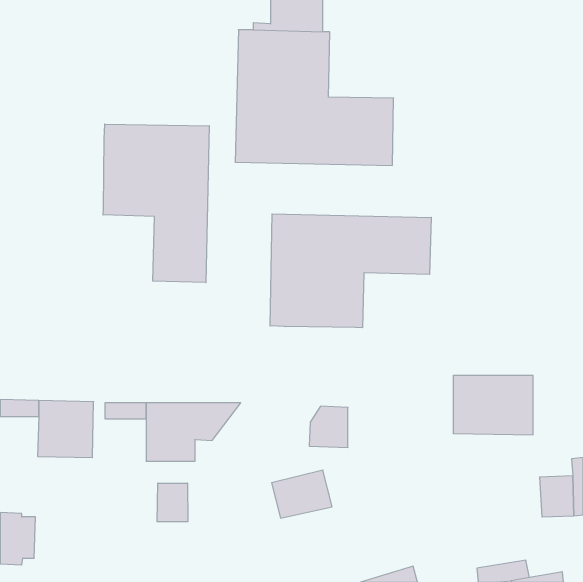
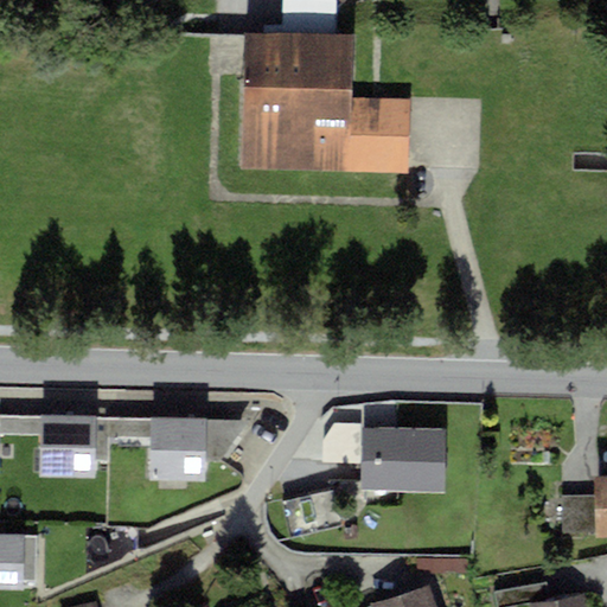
building: [103,124,209,283] -> none
building: [270,214,431,328] -> none
building: [453,375,533,435] -> [364,428,447,490]
building: [157,483,188,522] -> none

